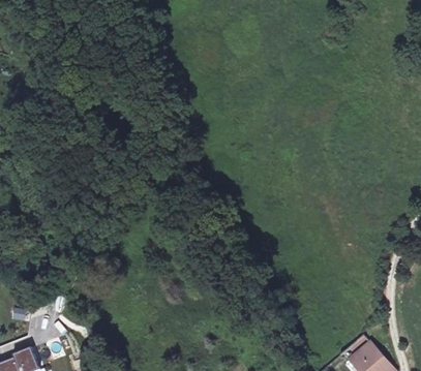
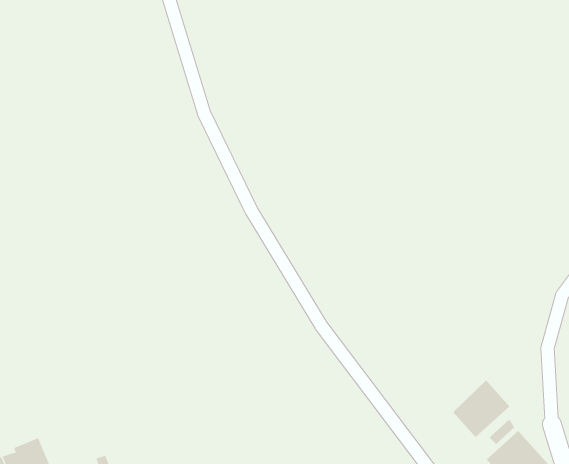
building: none -> [453,380,510,438]

